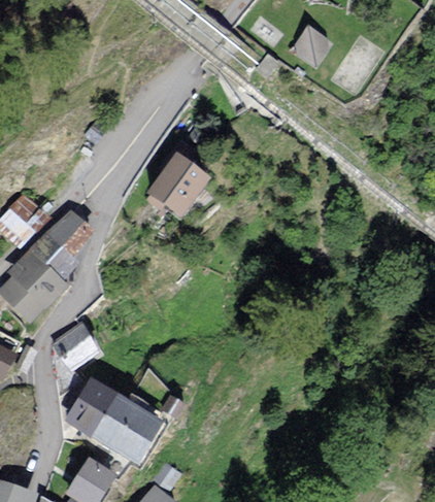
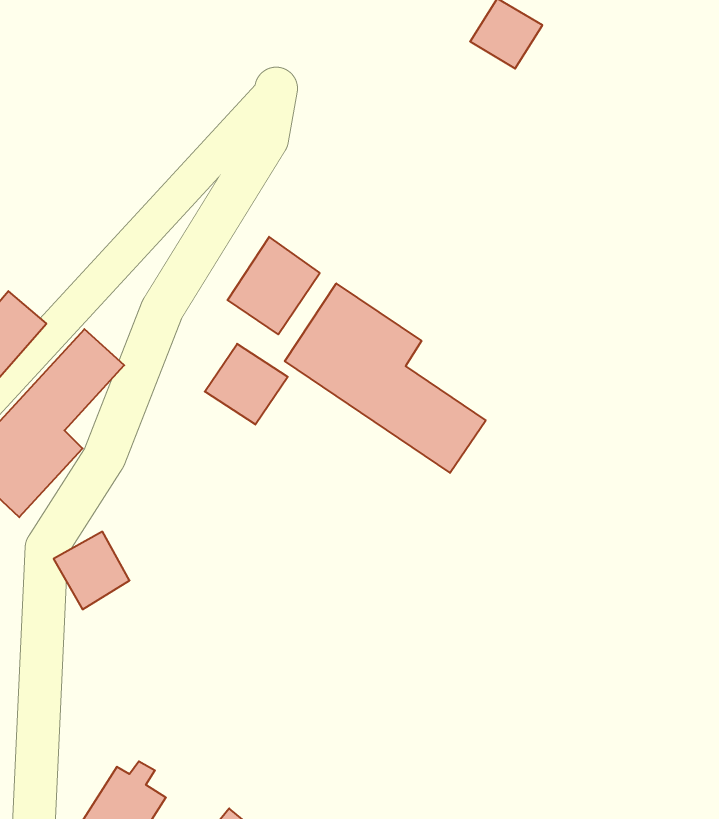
building: none -> [285,283,486,473]
building: none -> [205,344,288,425]
building: [70,381,163,463] -> none

